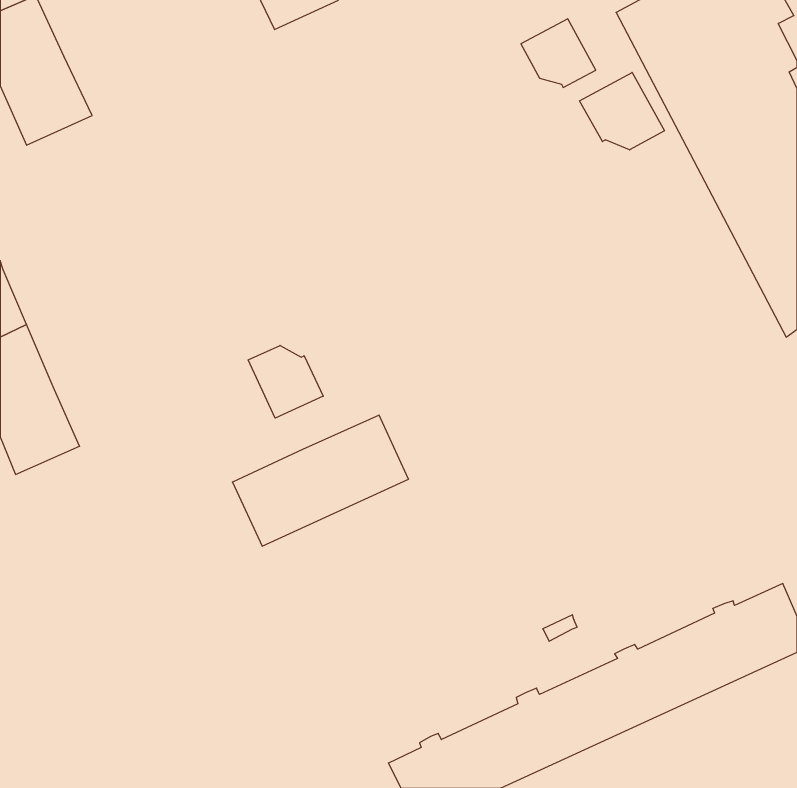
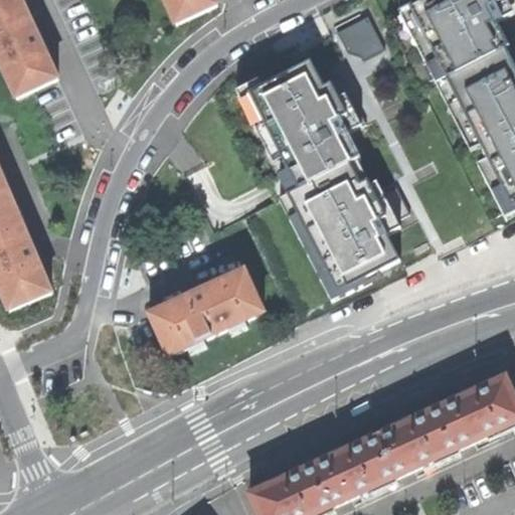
building: [580,72,664,150] -> none
building: none -> [239,60,411,299]
building: [248,345,323,418] -> none

